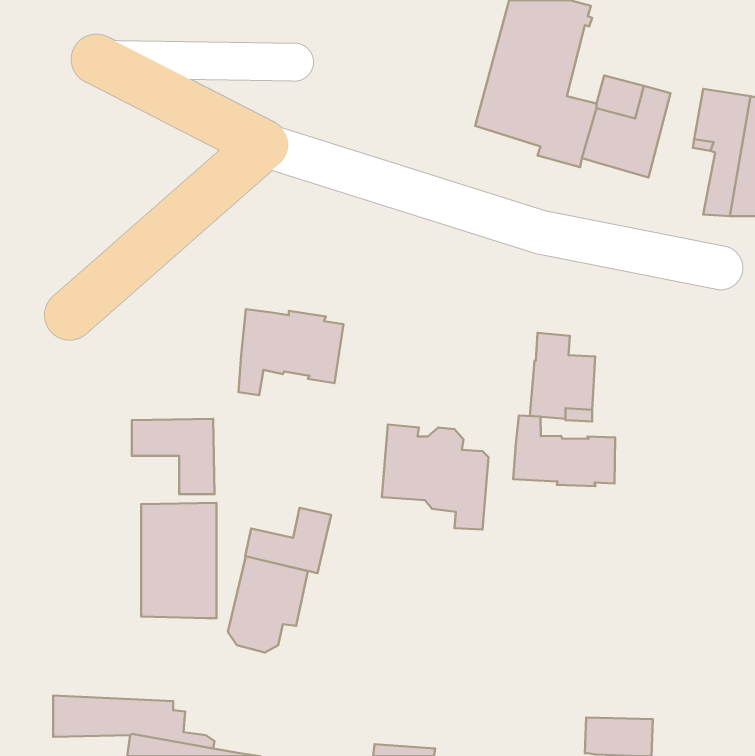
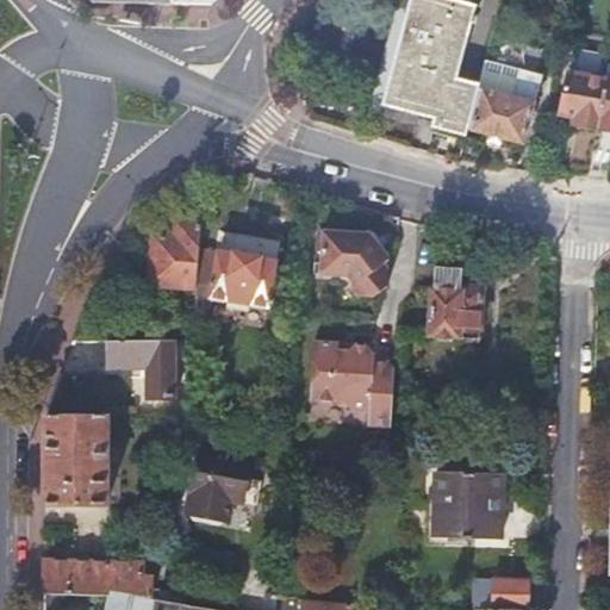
building: none -> [149,220,200,286]
building: none -> [318,232,387,298]
building: [513,416,615,486] -> none
building: [141,503,217,618] -> [45,413,106,506]
building: [245,508,331,573] -> none
building: none -> [434,469,500,536]

